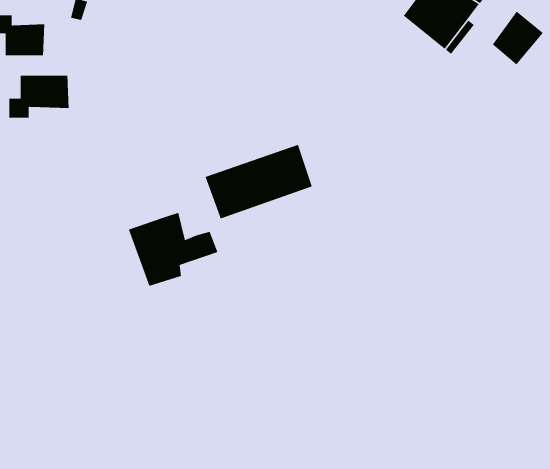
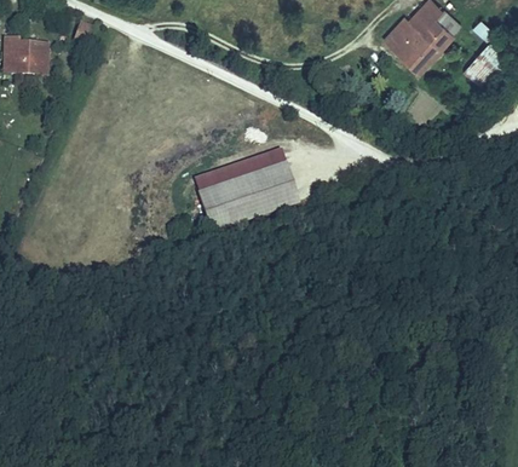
building: [8,75,70,118] -> none
building: [128,212,218,287] -> none

